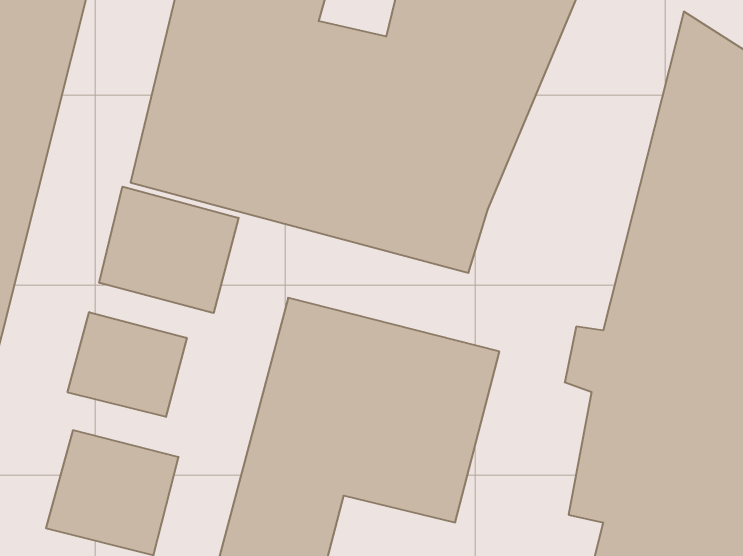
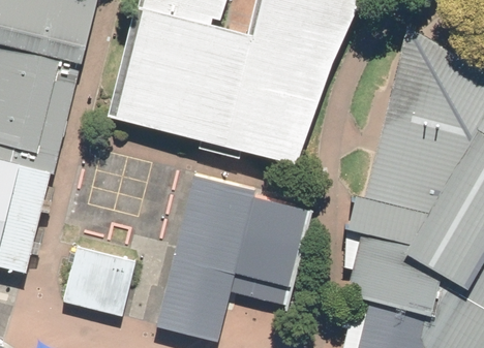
building: [99,187,239,313] -> none
building: [68,312,187,417] -> none

